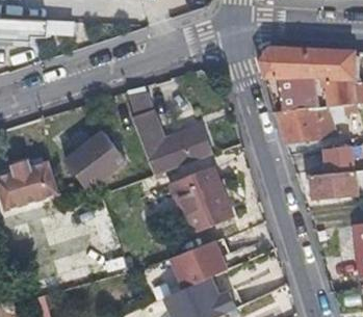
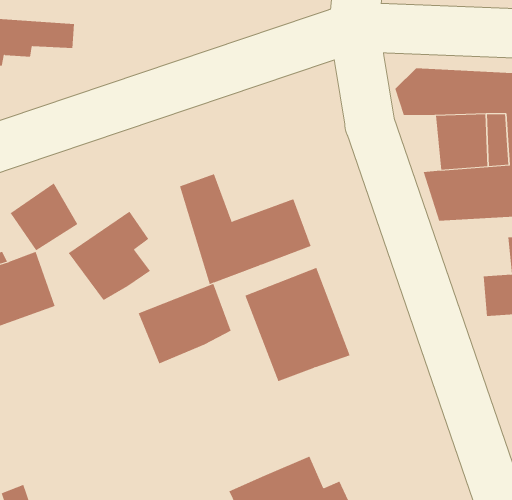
building: none -> [10,183,78,251]
building: [170,240,225,288] -> [138,283,231,364]

